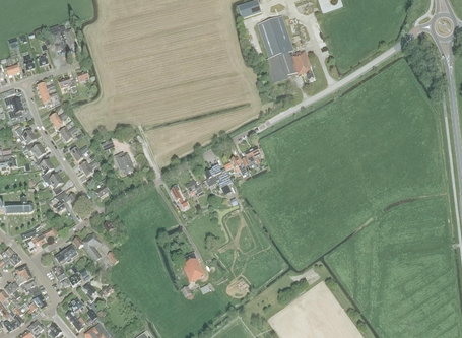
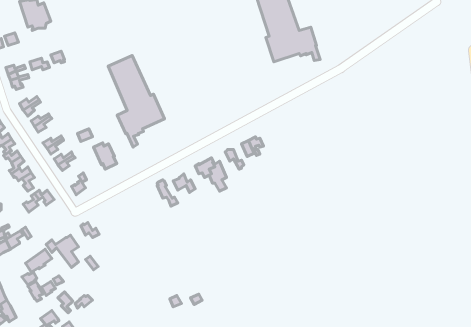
building: none -> [108,56,164,147]
building: [180,251,204,281] -> none

